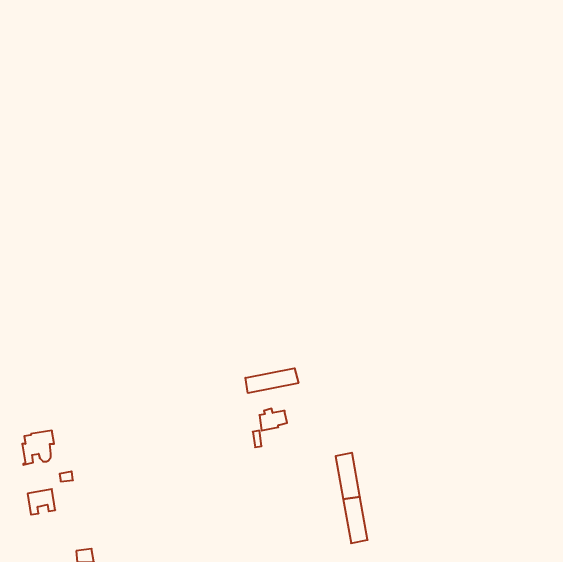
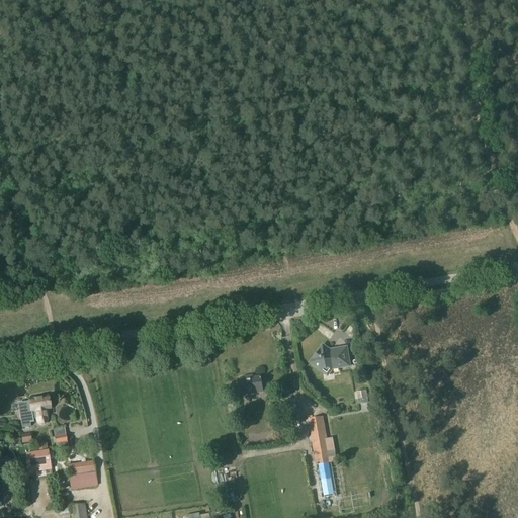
building: [245,368,298,393] -> none
building: none -> [312,345,350,368]
building: none -> [68,459,98,489]

